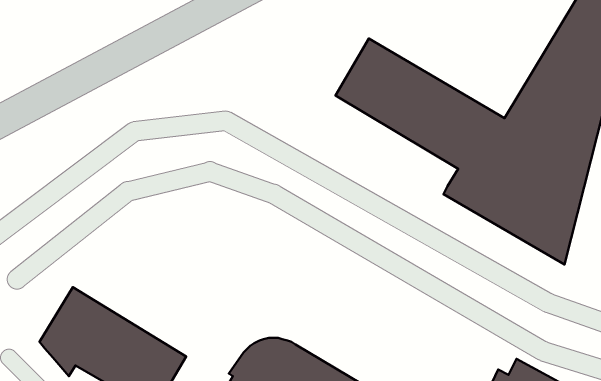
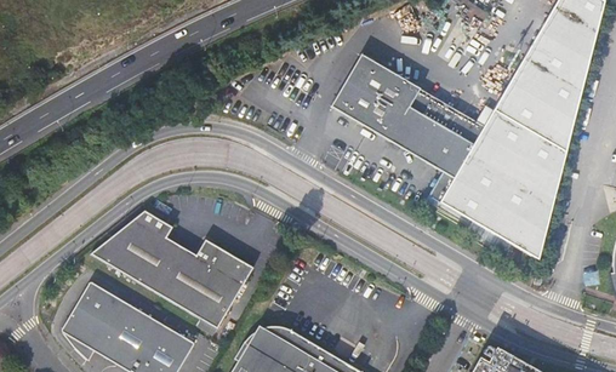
building: none -> [91,210,255,328]

